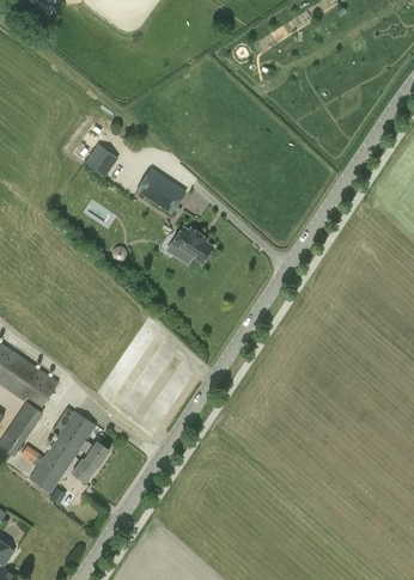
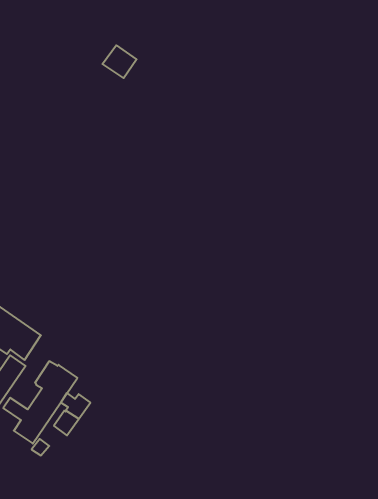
building: [83,144,117,177] -> [102,45,137,78]
building: [135,170,184,213] -> none
building: [172,227,212,263] -> none

